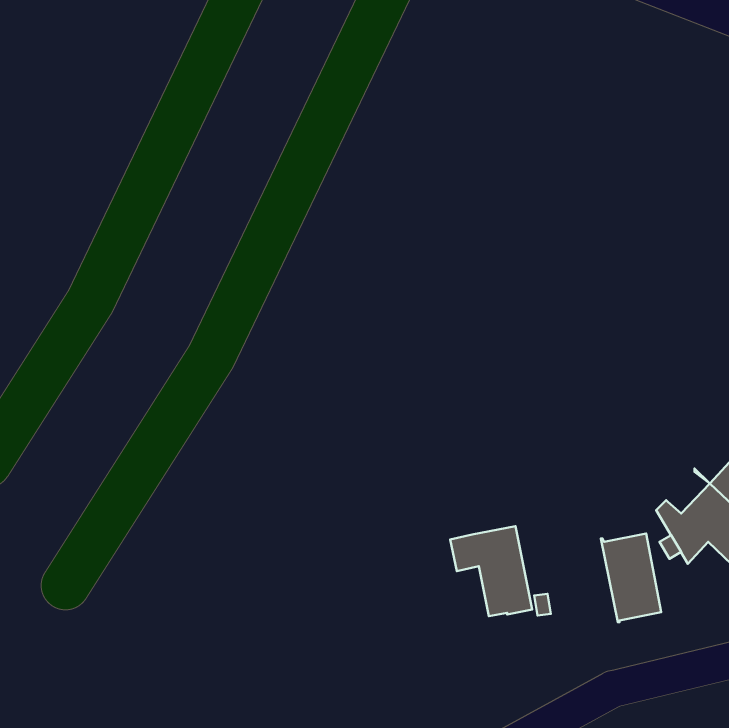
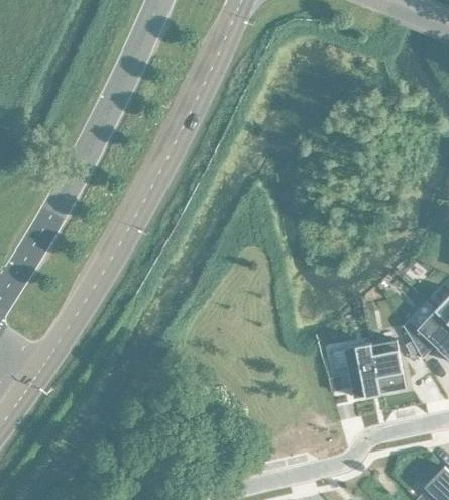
building: [450,526,532,616] -> [329,343,378,398]

